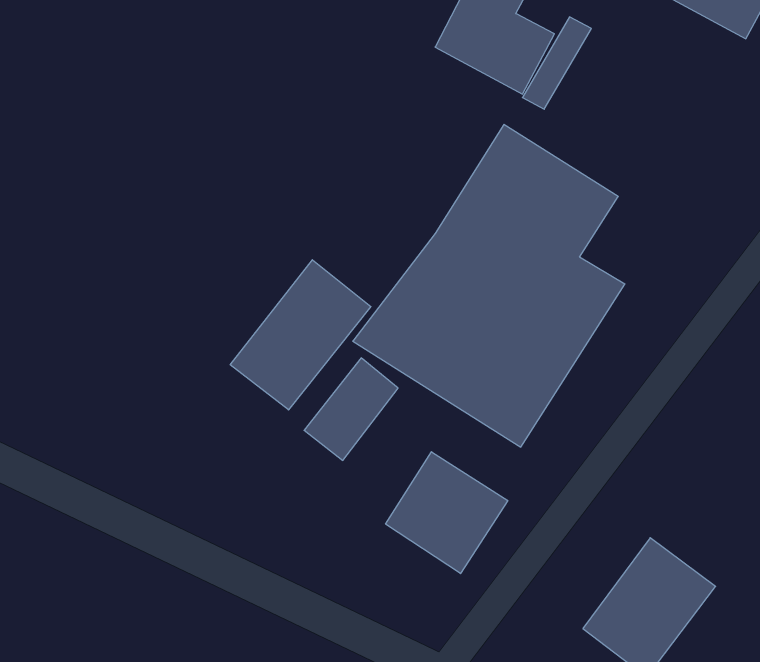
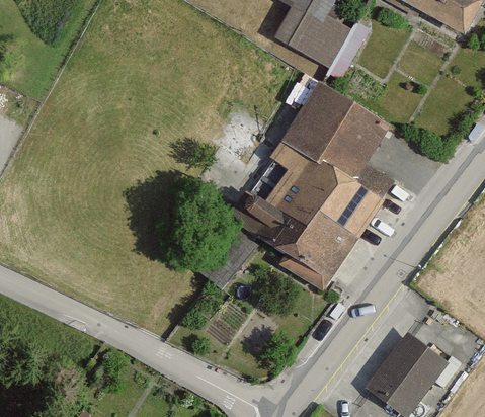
building: [230,260,371,410] -> none
building: [386,452,508,574] -> none

